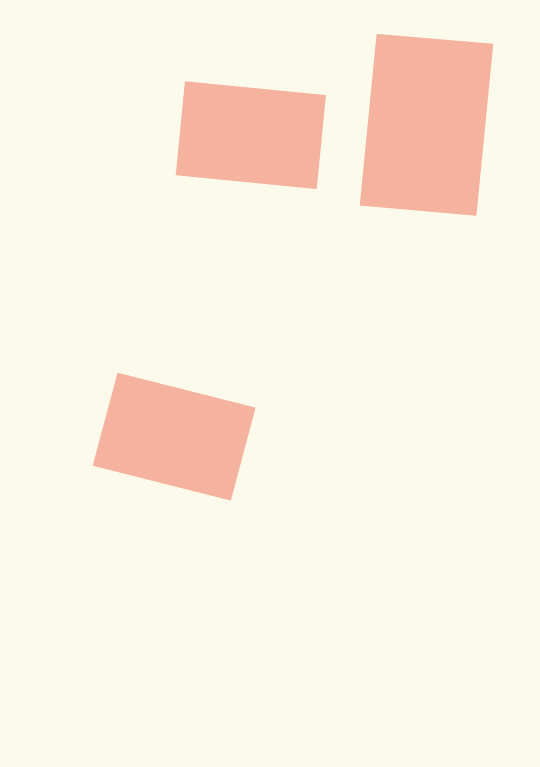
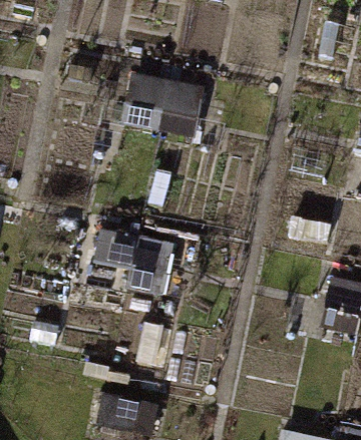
building: [359,33,494,216] -> none

